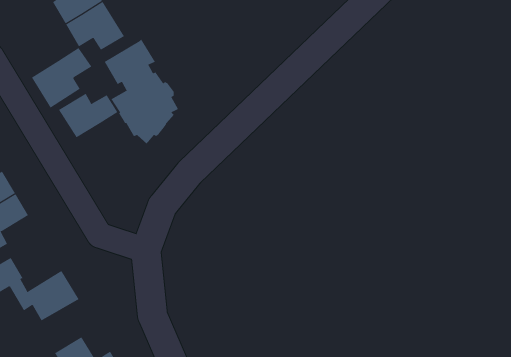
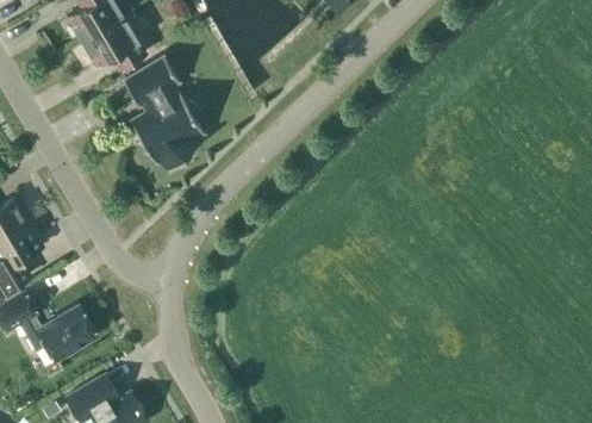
building: [31,47,92,109] -> none
building: [58,93,118,138] -> none

